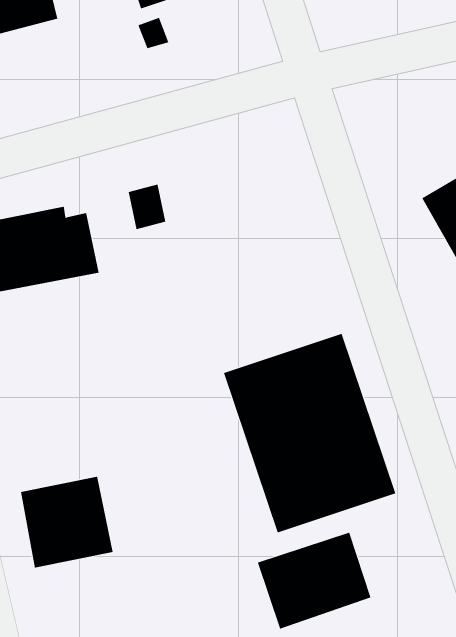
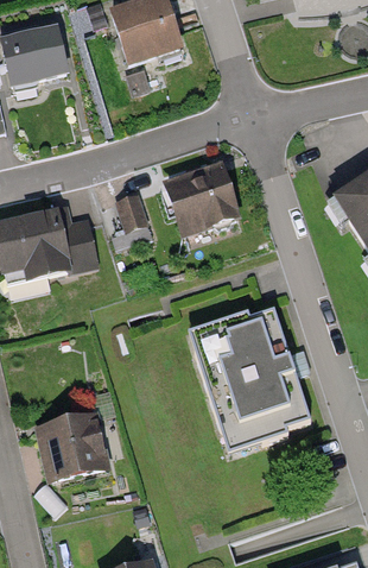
building: none -> [166,163,245,239]
building: [257,532,371,629] -> none

